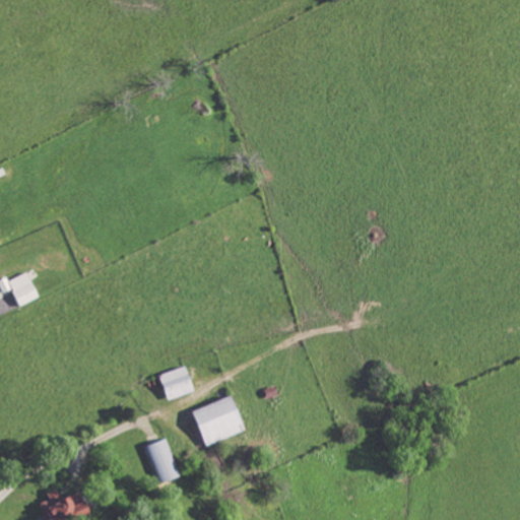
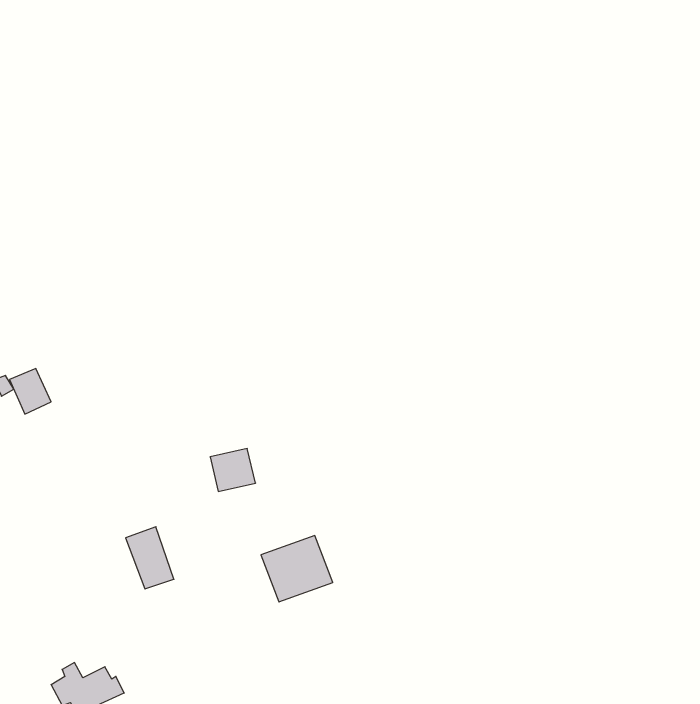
building: [159,367,193,398] -> [210,449,256,491]
building: [142,439,178,484] -> [126,527,174,589]

